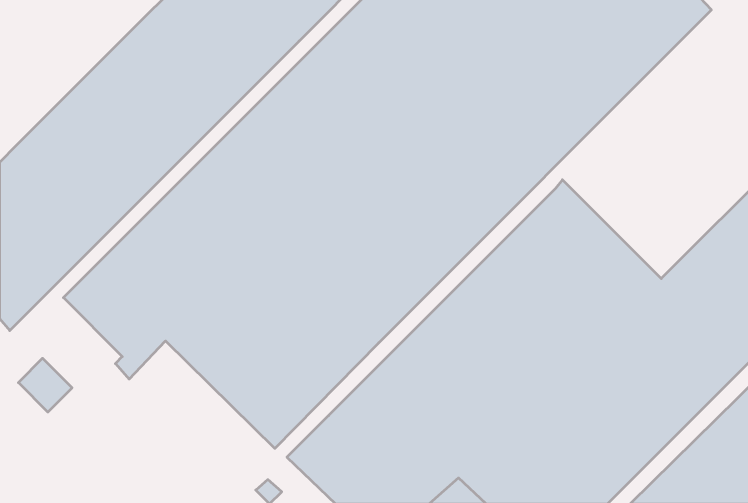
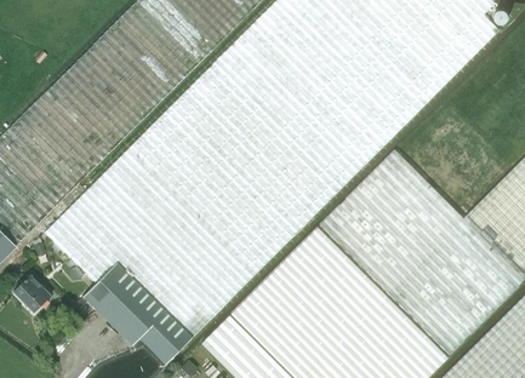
building: none -> [82,263,193,365]

